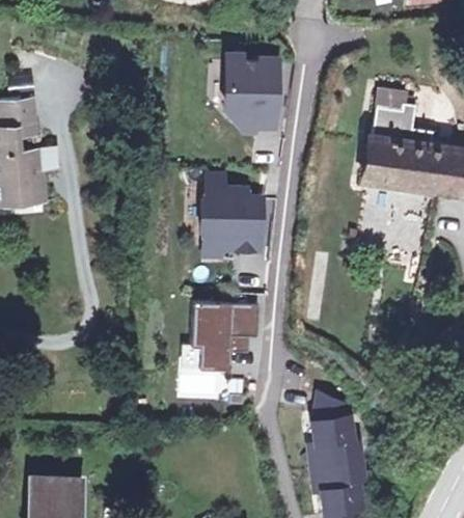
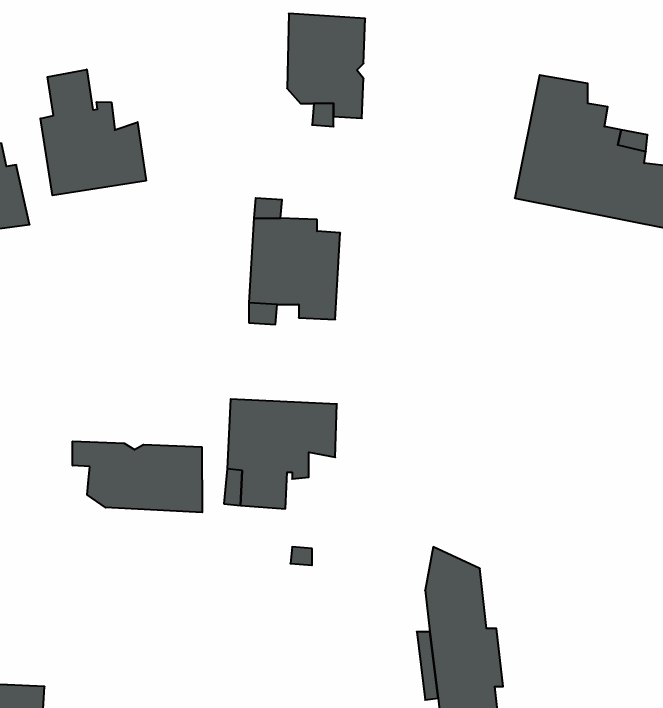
building: none -> [40,69,146,195]
building: none -> [73,441,202,512]

